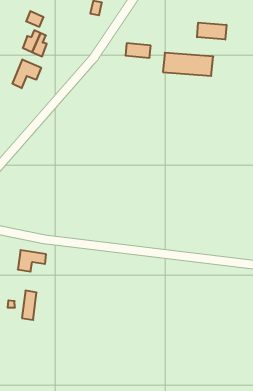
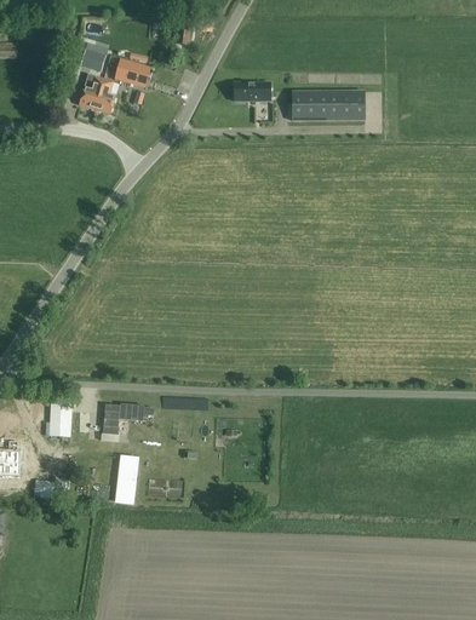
building: none -> [114,58,149,87]
building: [197,23,226,40] -> none
building: [12,59,41,88] -> none

